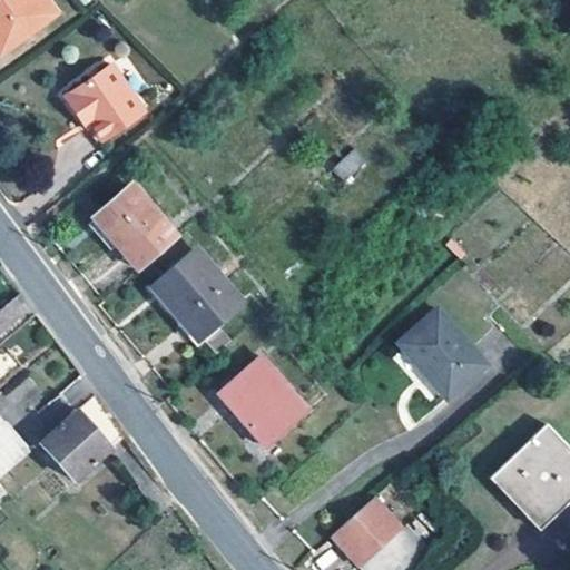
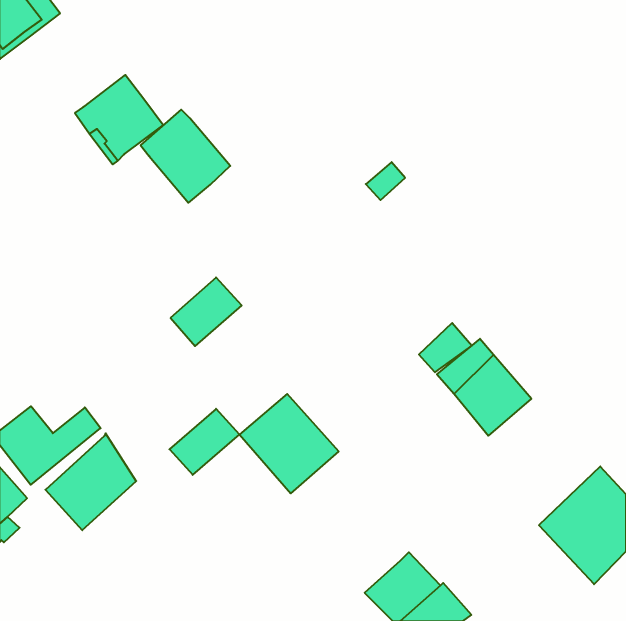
building: [95,187,176,272] -> [141,110,230,203]
building: [177,277,240,337] -> [169,409,239,475]
building: none -> [419,323,472,372]

